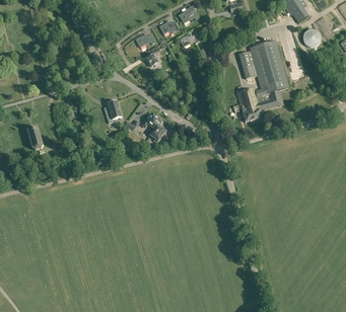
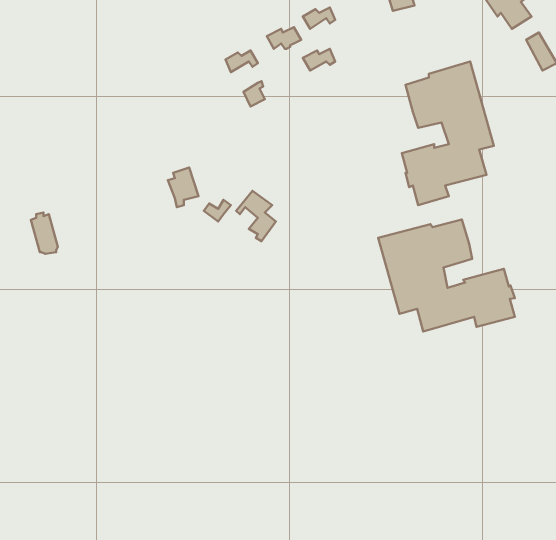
building: none -> [378,219,515,331]

